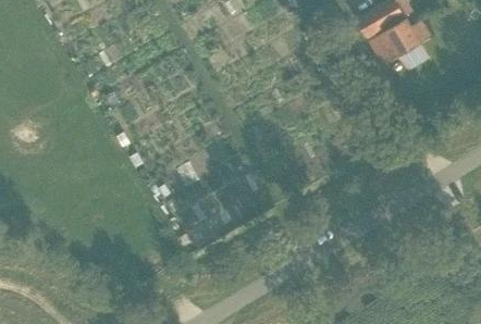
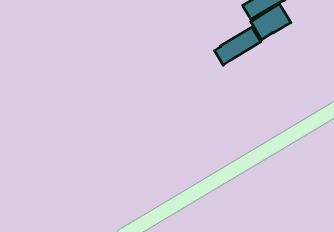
building: none -> [214,27,261,65]

